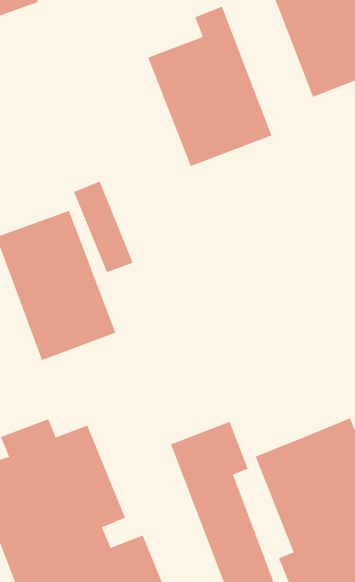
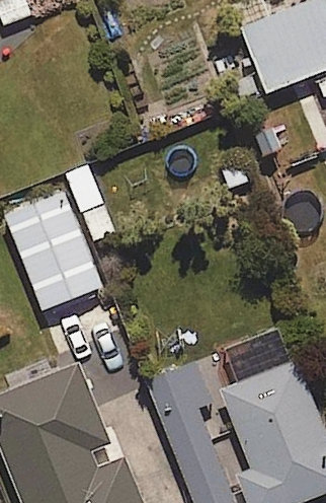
building: [147,6,272,167] -> none

